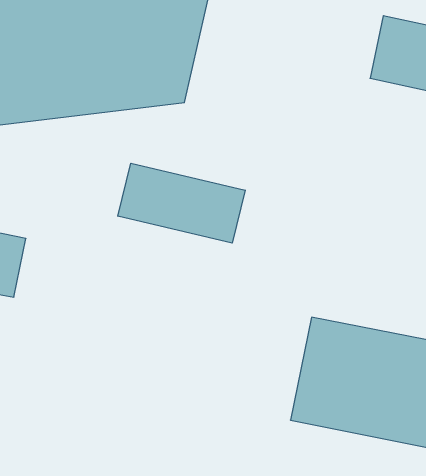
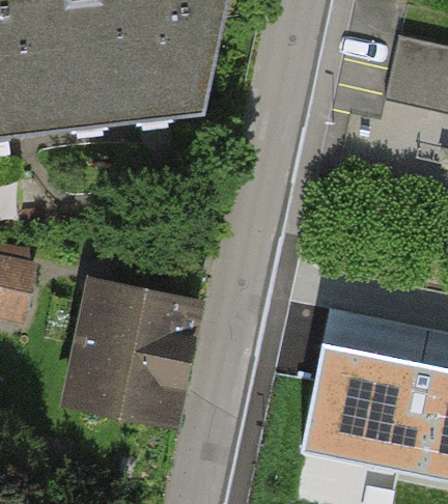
building: [118,163,245,243] -> none
building: none -> [57,280,202,433]

